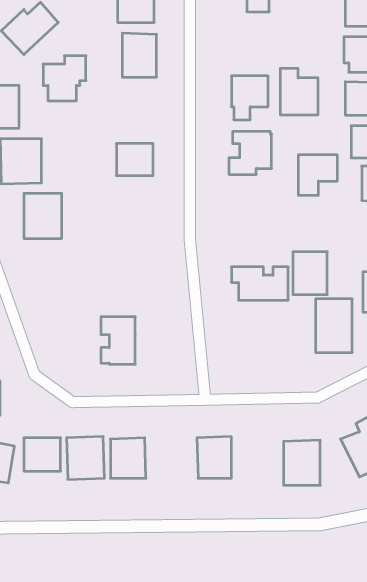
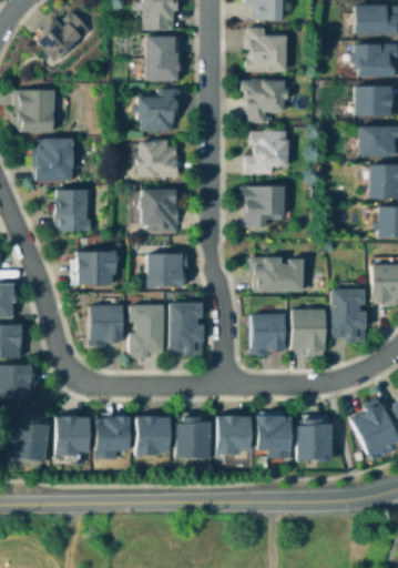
building: [43,56,86,101] -> [140,89,180,131]
building: [280,68,318,115] -> [251,29,286,72]
building: [298,155,337,195] -> [248,190,285,227]
building: none -> [143,192,180,229]
building: [293,252,327,295] -> [293,308,325,348]
building: none -> [75,251,115,286]
building: none -> [144,253,182,286]
building: none -> [169,302,202,347]
building: none -> [88,306,122,346]
building: none -> [252,315,284,355]
building: none -> [176,416,208,456]
building: none -> [255,417,290,458]

